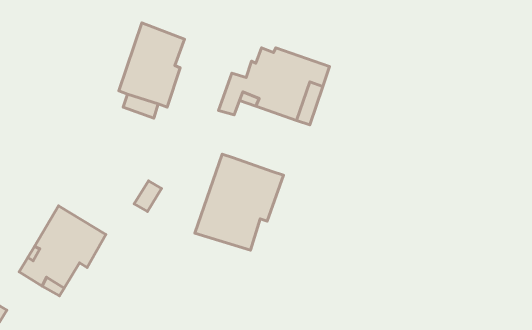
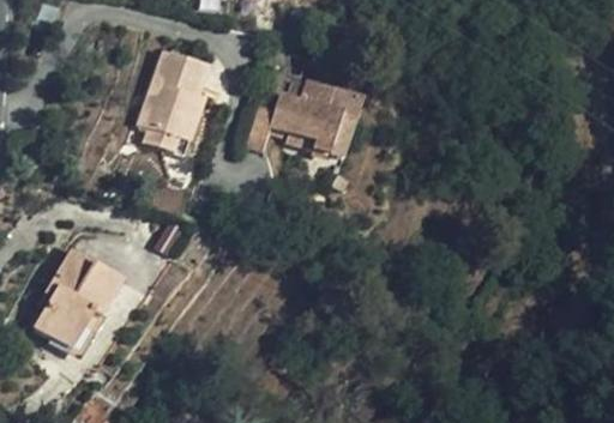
building: [195,154,283,250] -> none

